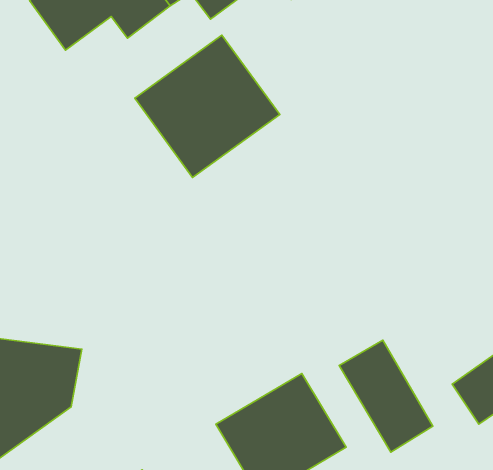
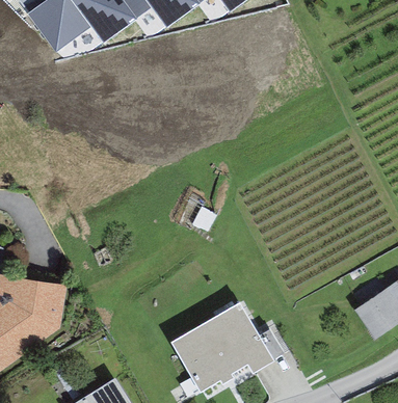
building: [135,35,280,177] -> none
building: [339,340,433,452] -> none

